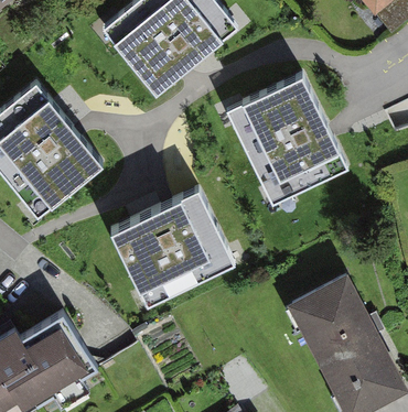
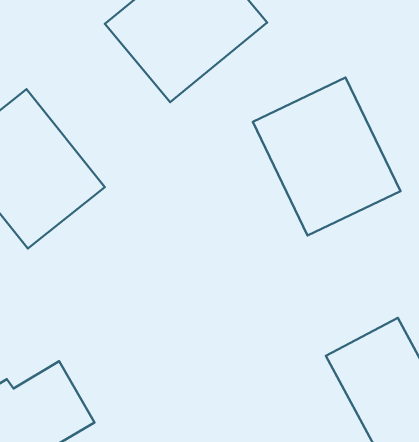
building: [108,191,232,306] -> none

